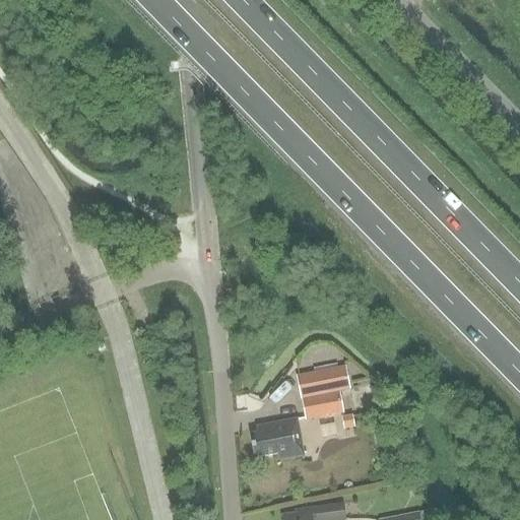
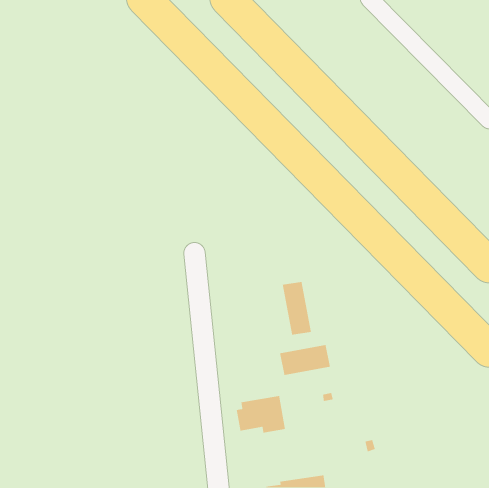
building: none -> [282,281,312,335]
building: [302,392,342,417] -> none

